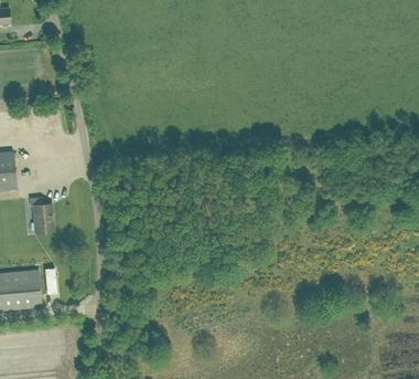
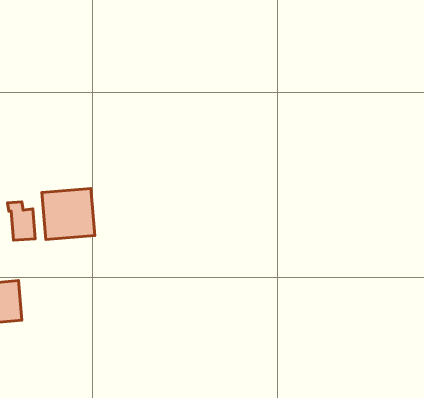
building: none -> [42,188,95,240]

